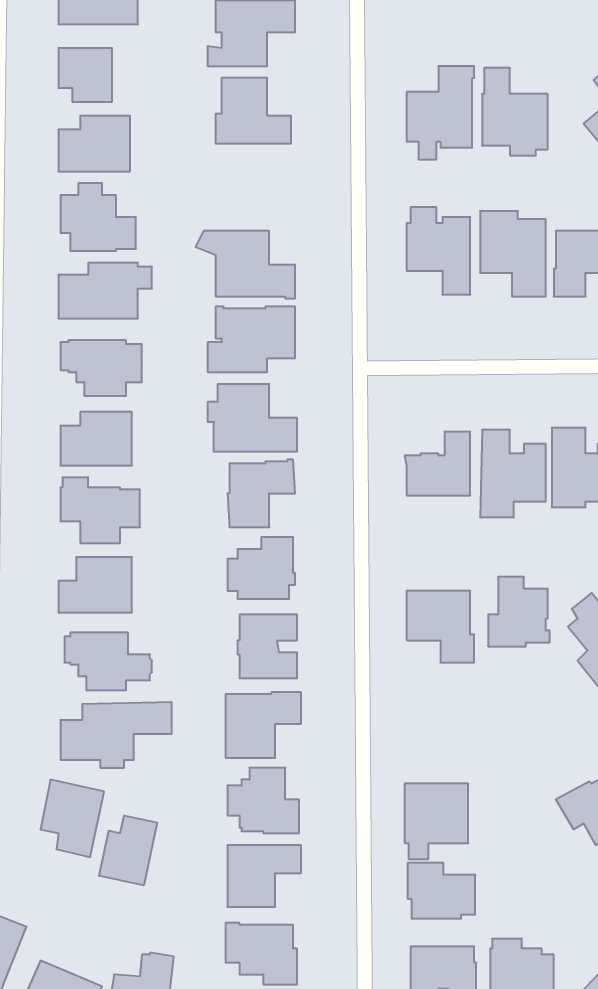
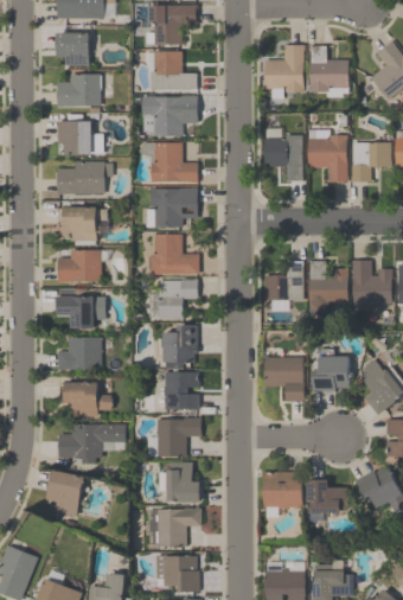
building: none -> [142,96,197,136]
building: [99,816,157,885] -> none
building: [408,863,475,919] -> [307,480,347,513]

